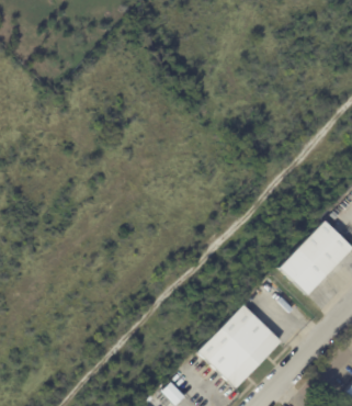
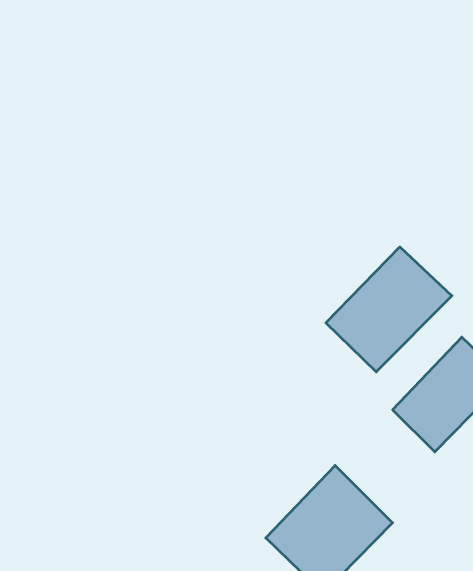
building: none -> [326,247,452,372]

